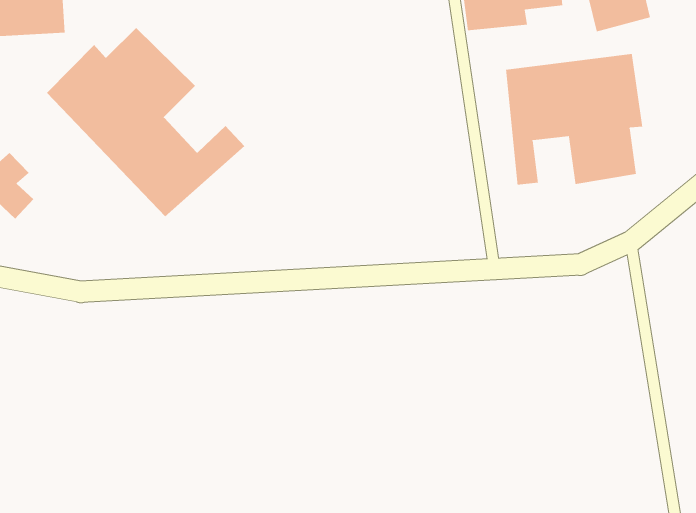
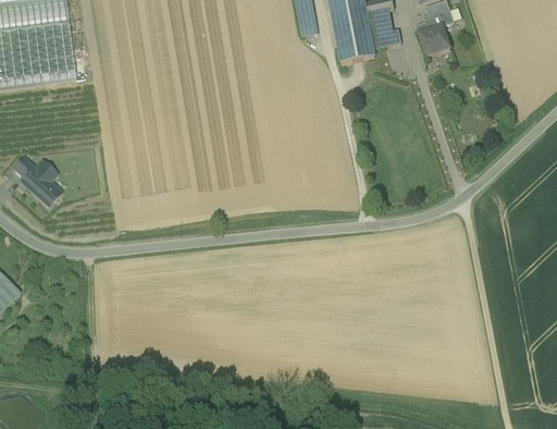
building: [46,27,245,217] -> none
building: [506,53,643,186] -> none

